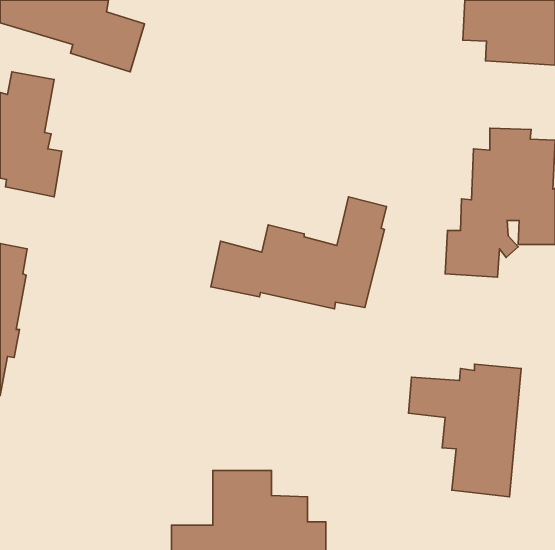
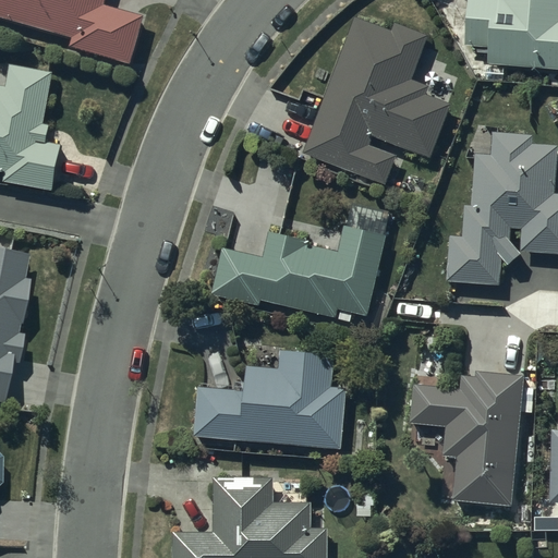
building: none -> [304,17,450,184]
building: none -> [194,350,344,447]

